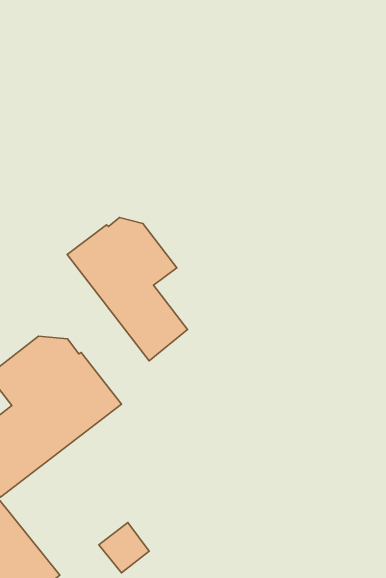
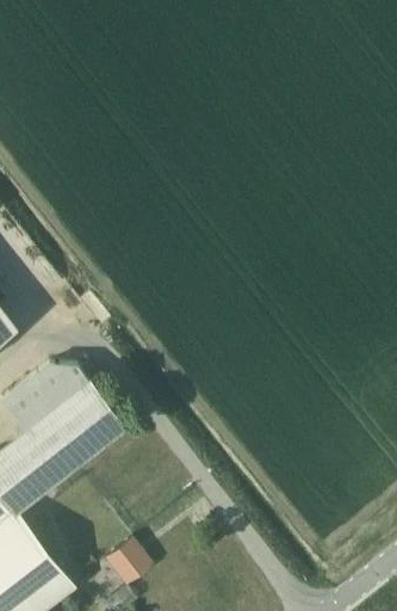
building: [67,218,188,361] -> none

